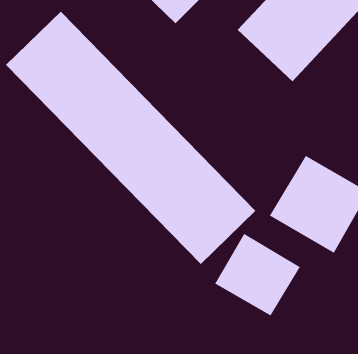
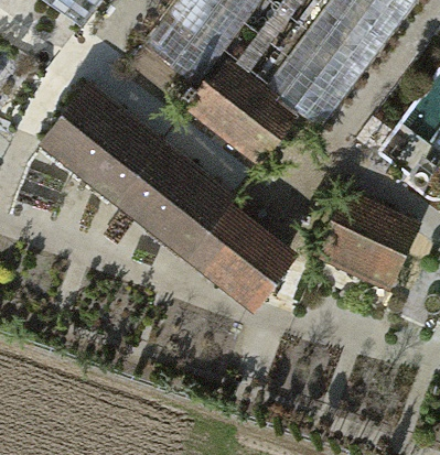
building: none -> [190,67,296,166]
building: [214,233,301,316] -> none

